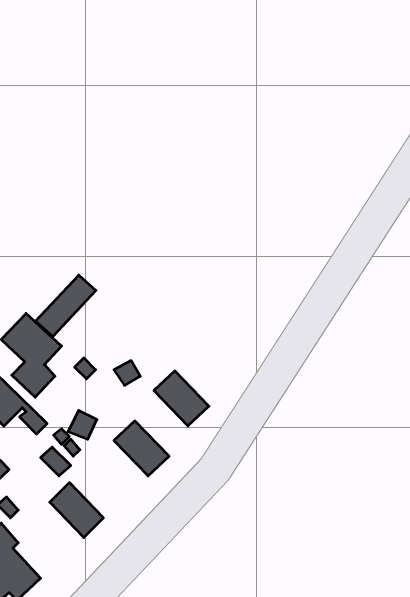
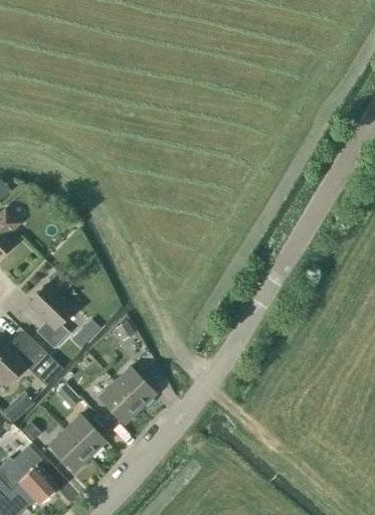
building: [35,275,96,337] -> none
building: [154,371,209,426] -> [99,382,141,424]
building: none -> [48,430,91,473]

